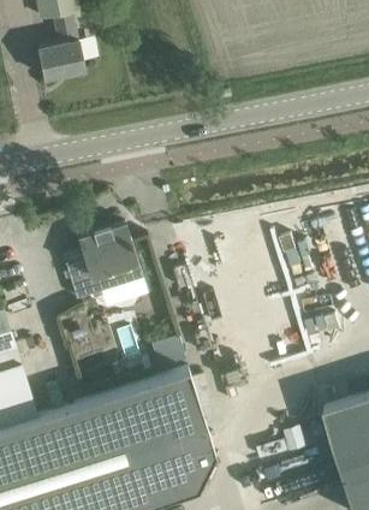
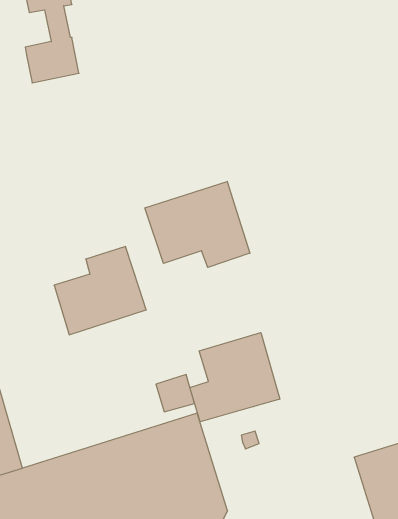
building: none -> [145,181,250,267]
building: none -> [190,333,280,422]

